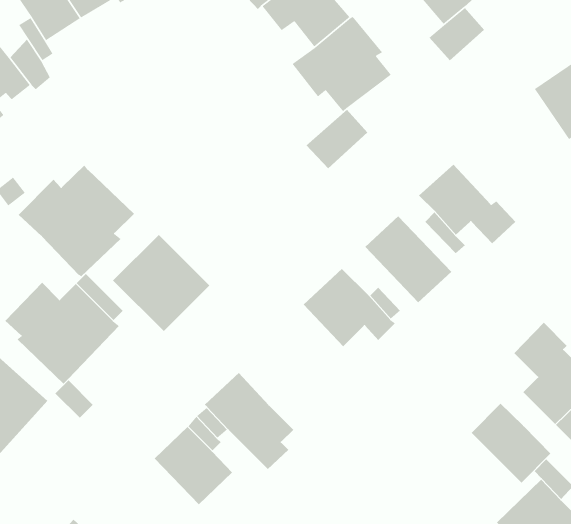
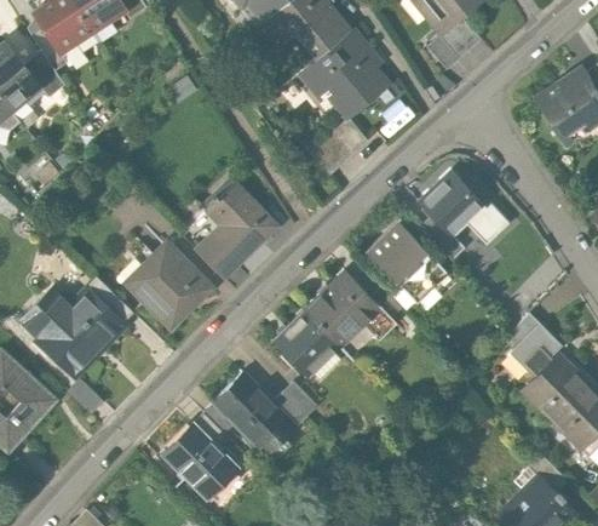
building: [18,164,135,277] -> none
building: none -> [194,179,281,280]
building: none -> [270,304,345,379]
building: none -> [274,381,318,425]
building: [471,403,551,484] -> none

